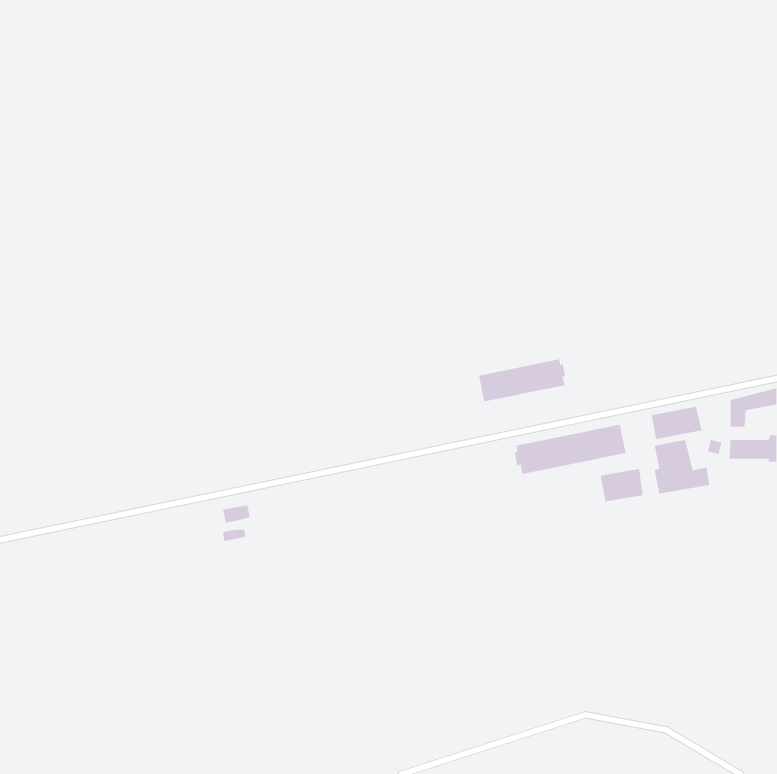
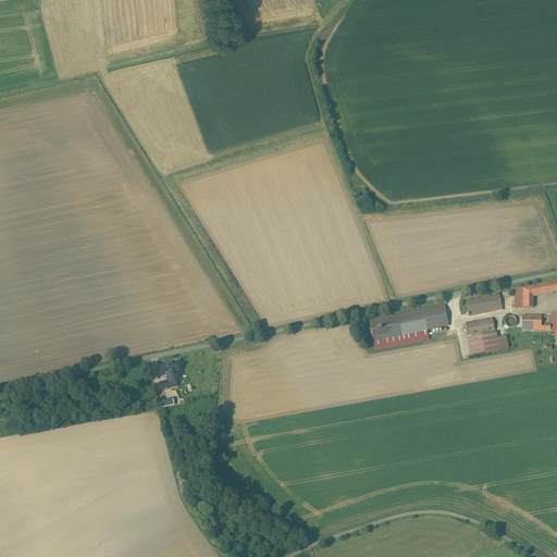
building: [478,359,566,402] -> none
building: [600,468,643,502] -> none

